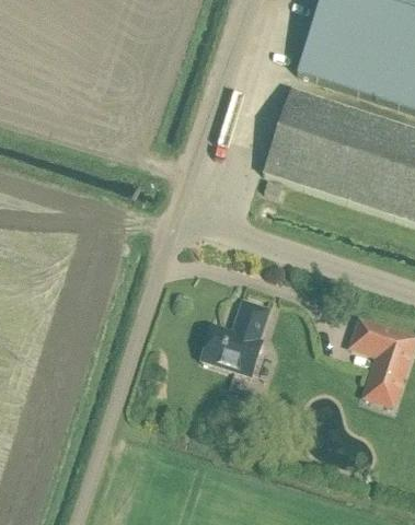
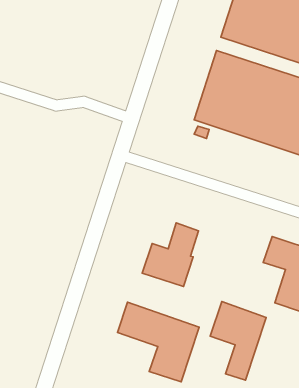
building: none -> [210,301,266,380]
building: none -> [118,302,199,382]

